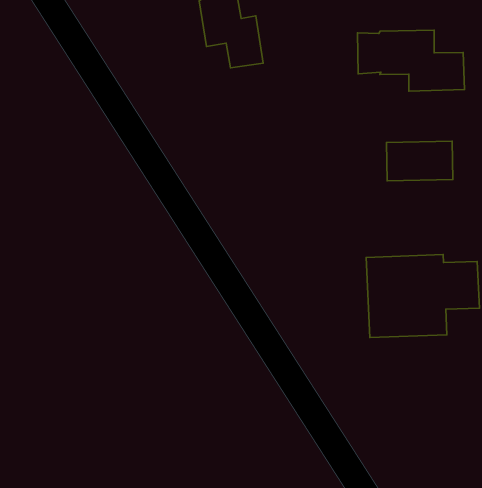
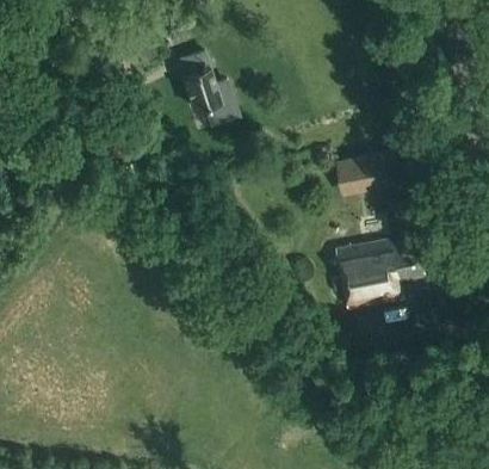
building: [358,30,464,91] -> none

